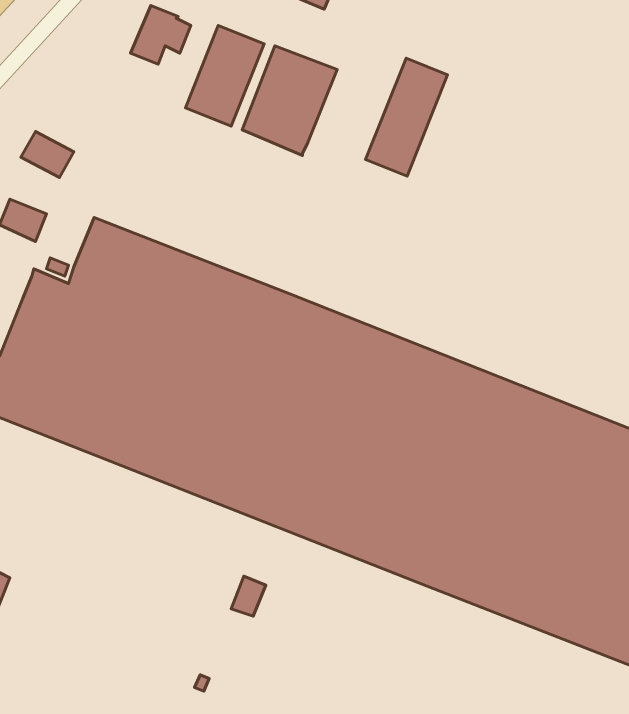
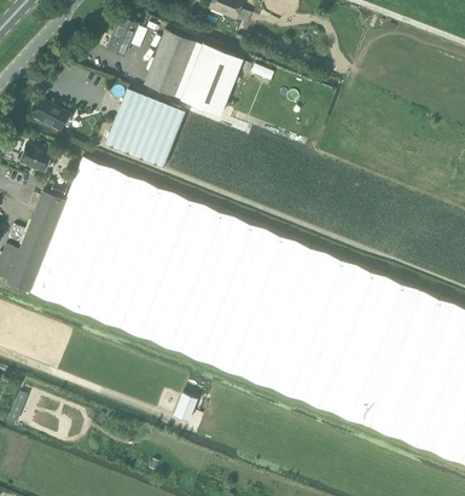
building: [366,58,448,176] -> none
building: none -> [106,88,186,167]

